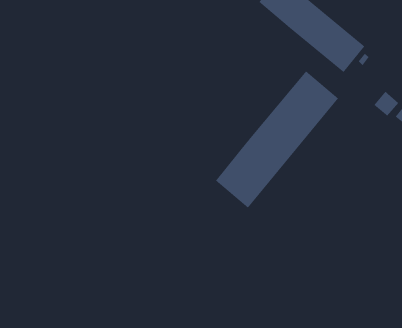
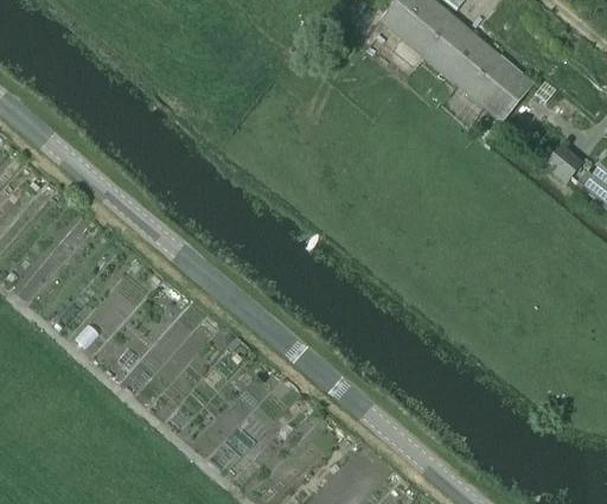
building: [215,71,339,208] -> none

